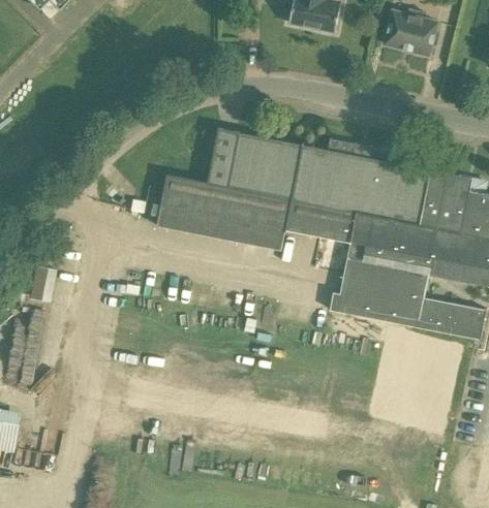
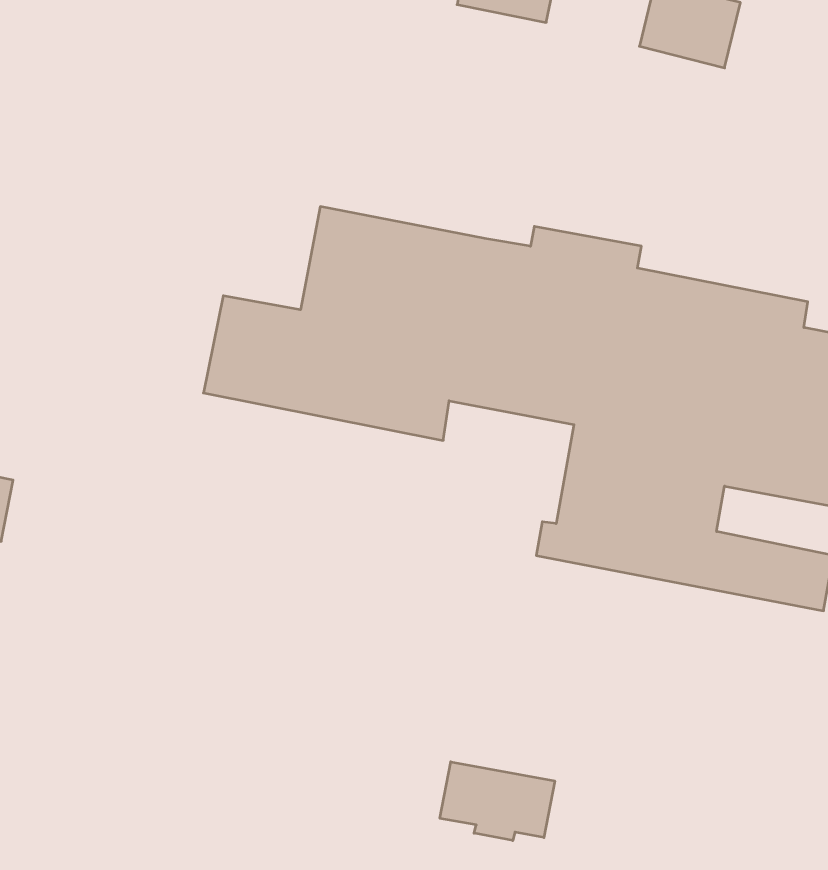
building: none -> [440,762,555,841]

